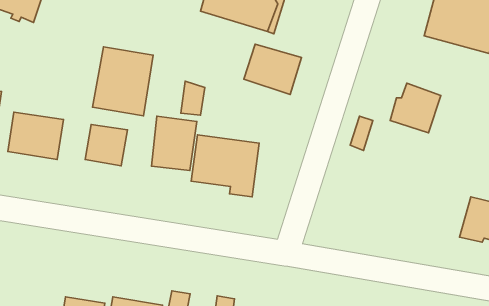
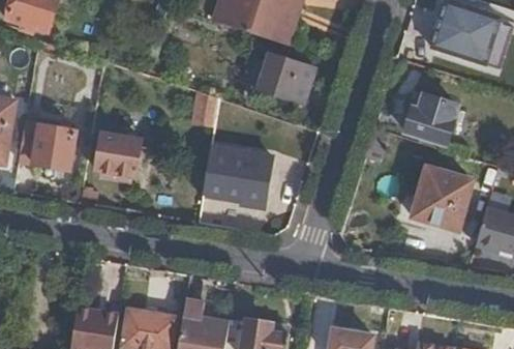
building: [93,47,153,116] -> none
building: [152,116,197,171] -> none
building: none -> [412,167,471,229]

